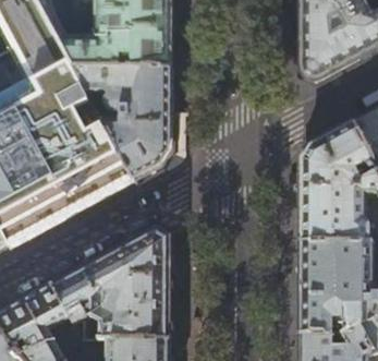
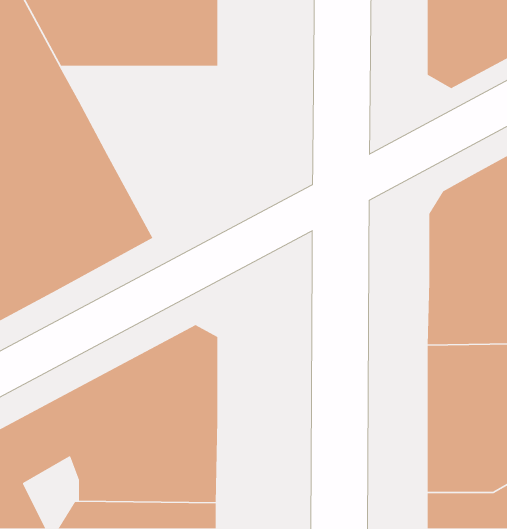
building: [72,67,170,179] -> none

